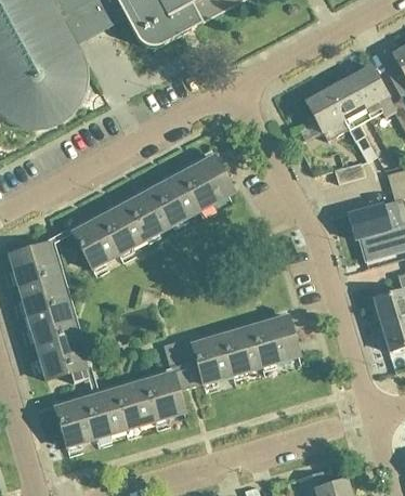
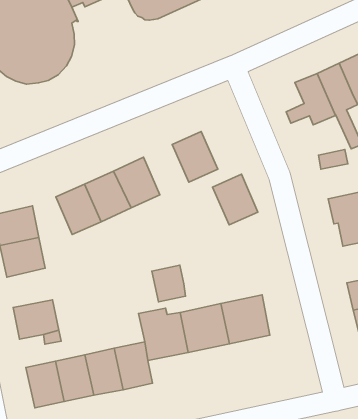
building: [158,170,206,222] -> [213,174,258,225]
building: none -> [152,265,185,302]
building: [29,304,77,347] -> none

